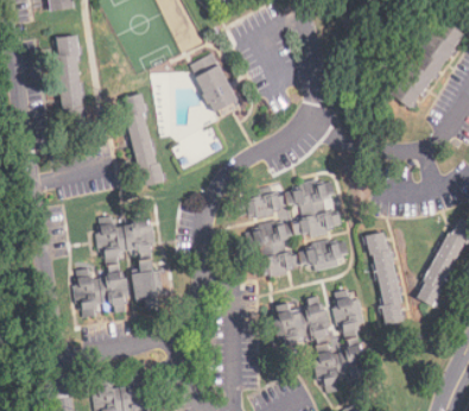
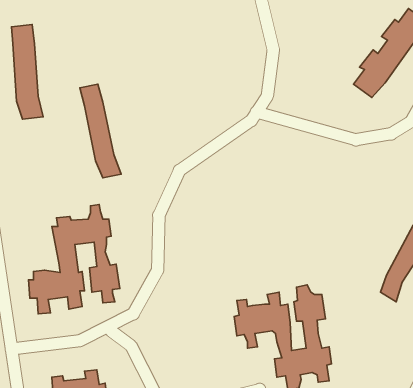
building: [190,53,237,112] -> none
building: [239,179,348,278] -> none
building: [366,232,403,324] -> none

